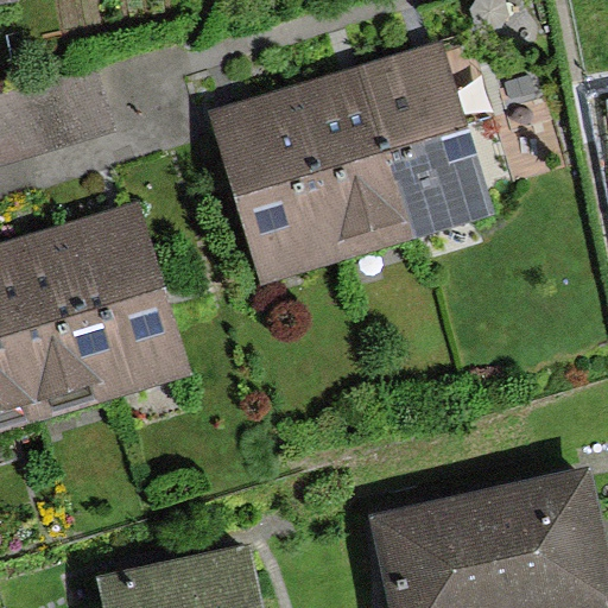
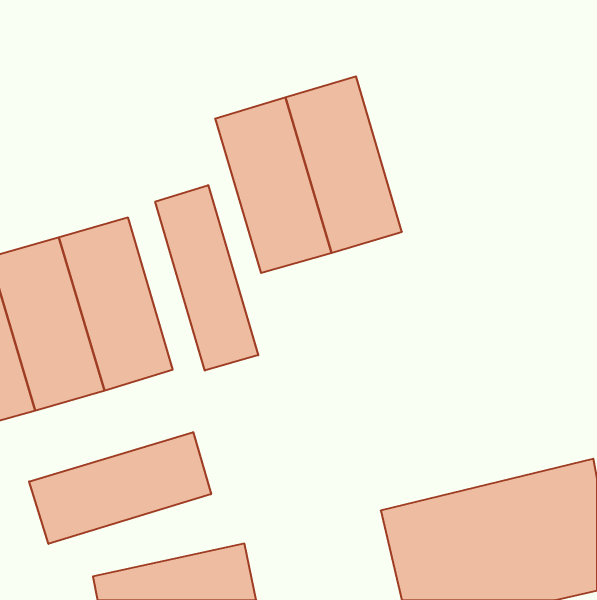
building: [360,56,479,234] -> none
building: none -> [155,185,258,371]
building: none -> [29,432,211,544]

